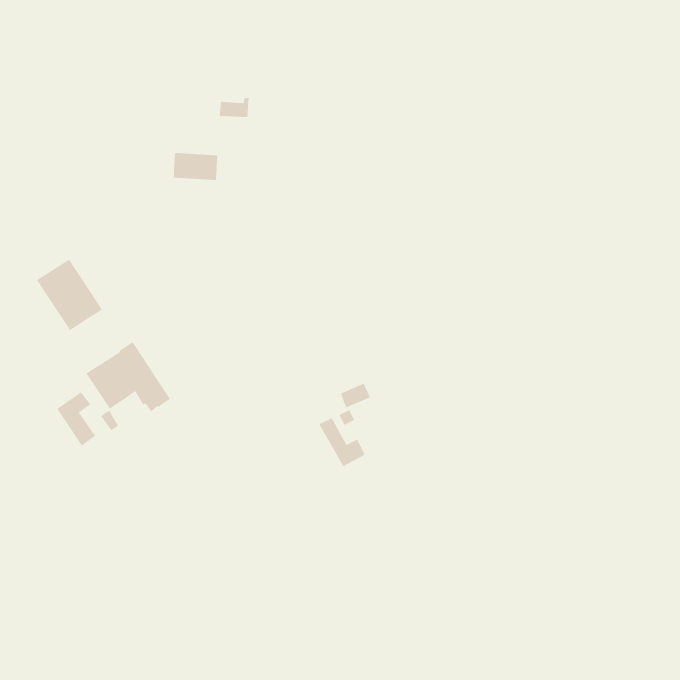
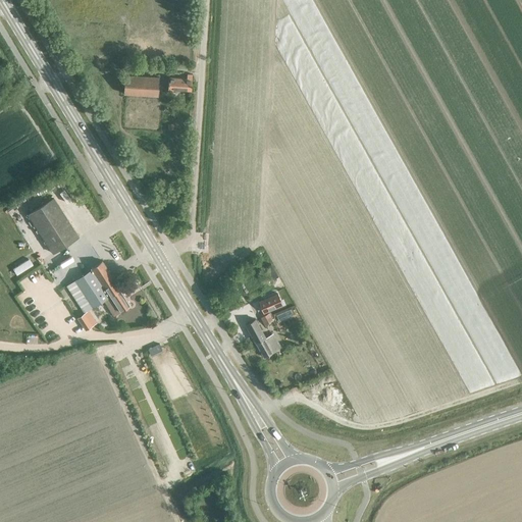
building: [173,153,218,181] -> [123,75,158,97]
building: [56,391,96,446] -> none

